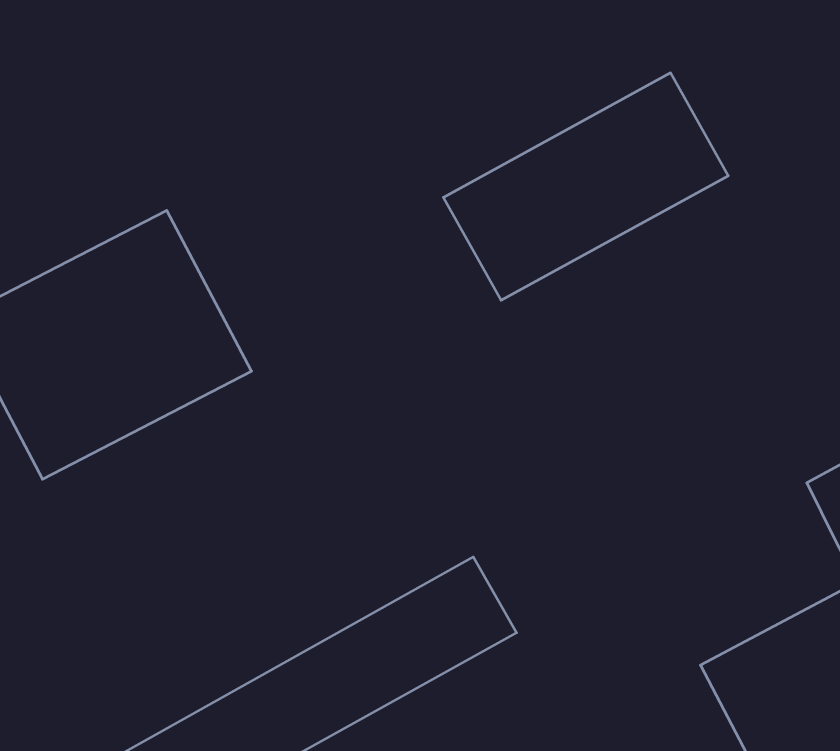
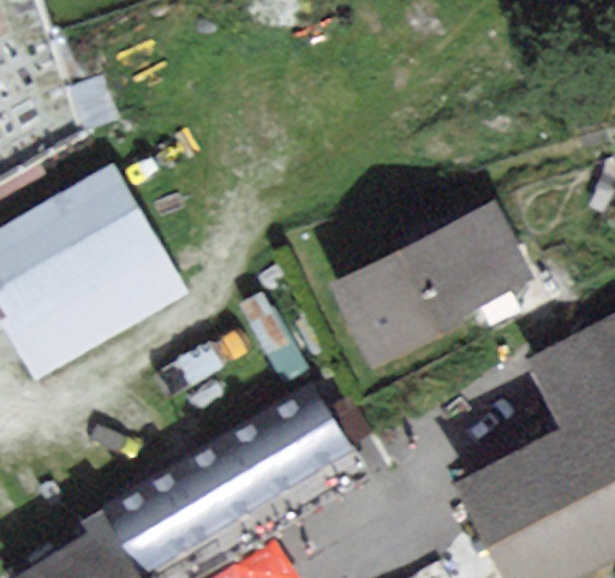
building: [443,73,728,300] -> [340,201,530,352]

